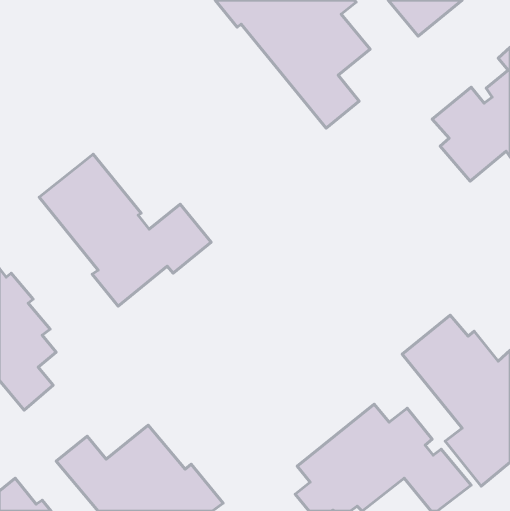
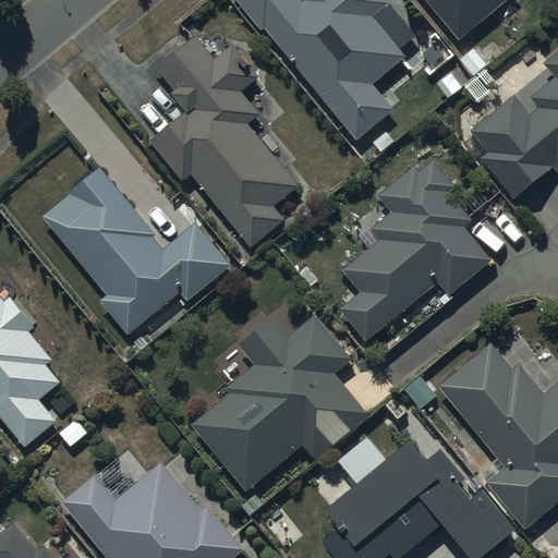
building: none -> [151,35,300,245]
building: none -> [338,160,489,340]
building: none -> [192,314,368,490]

